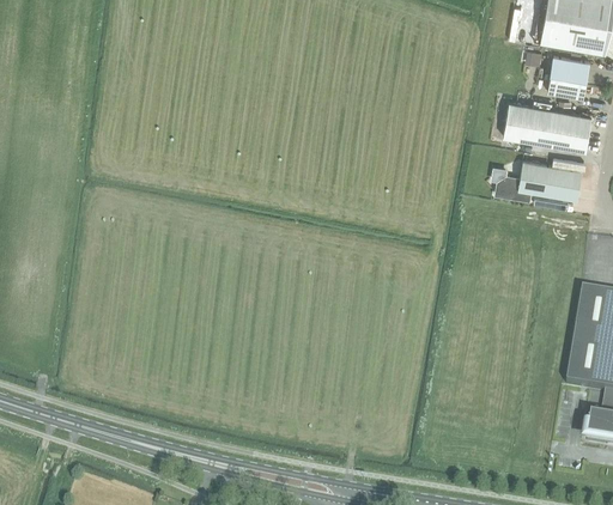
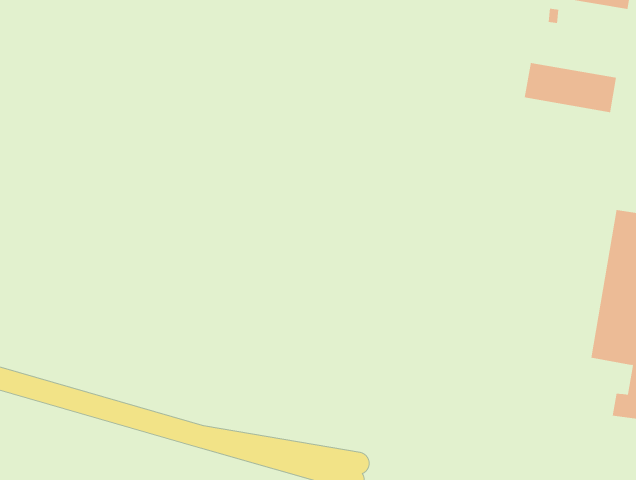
building: [548,56,590,98] -> none
building: [494,160,583,200] -> none

